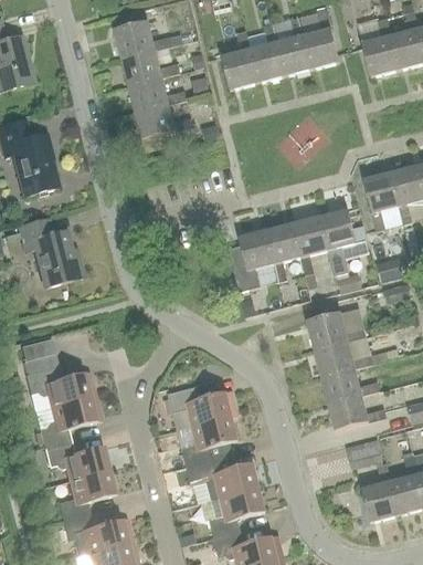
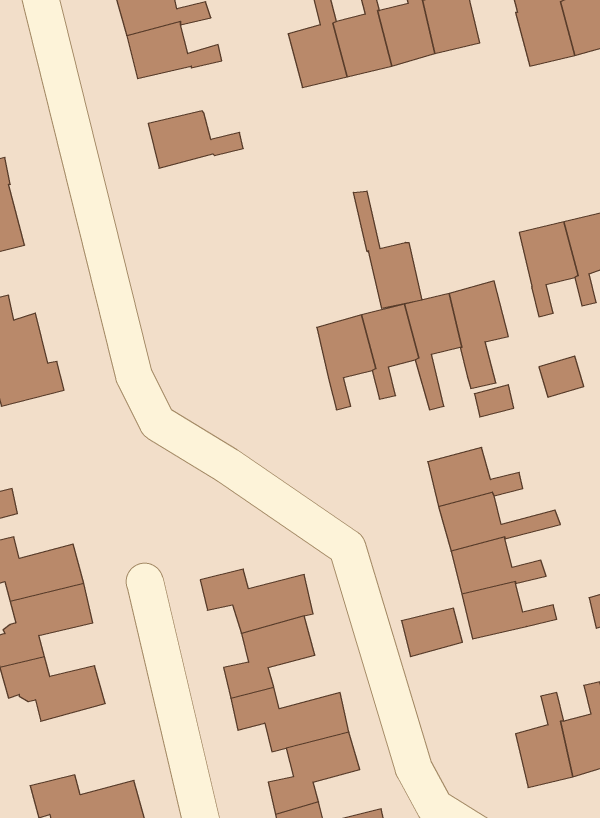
building: [129,75,188,111] -> none
building: none -> [353,191,422,308]
building: [347,438,384,468] -> [401,608,462,657]
building: [59,469,115,520] -> none

